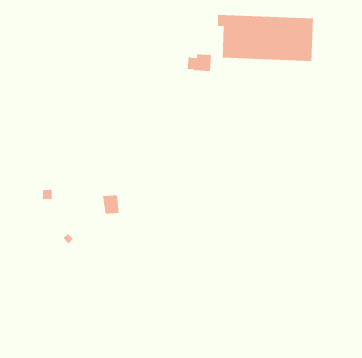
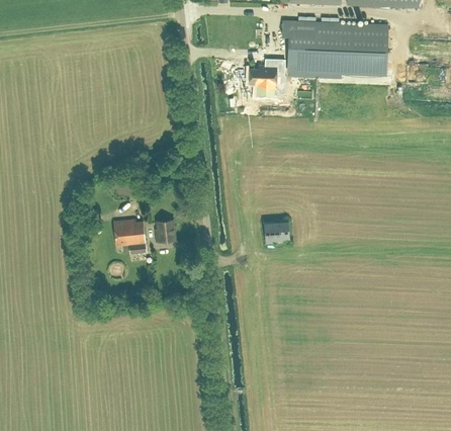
building: none -> [113,220,146,254]
building: none -> [263,221,290,245]

